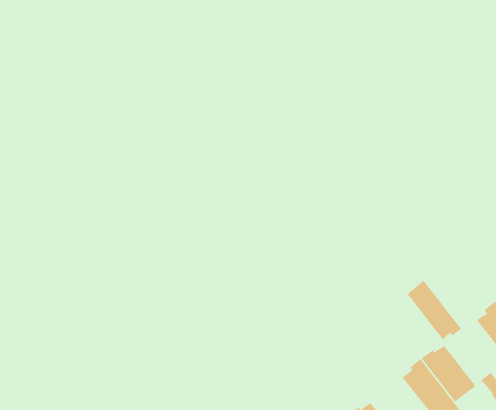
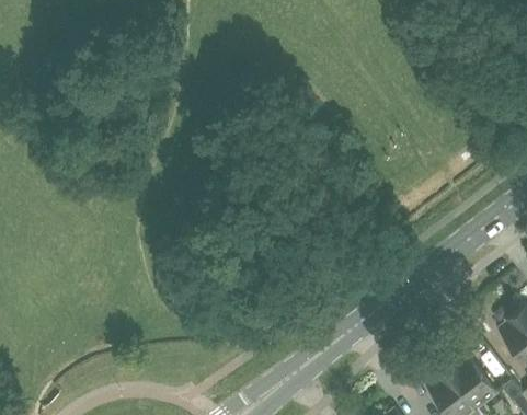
building: [407,280,462,340] -> none

